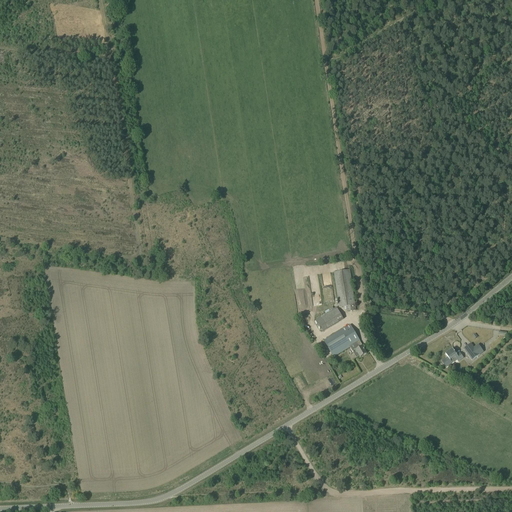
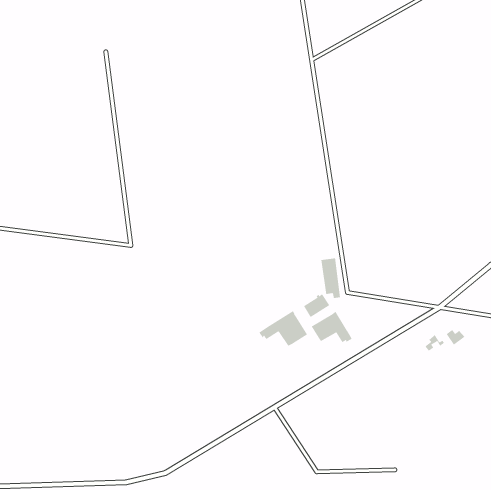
building: none -> [259,310,308,347]

